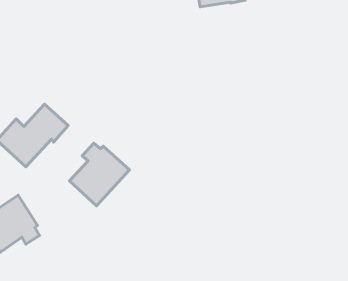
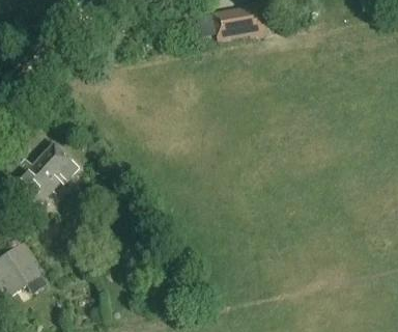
building: [69,143,130,206] -> none

